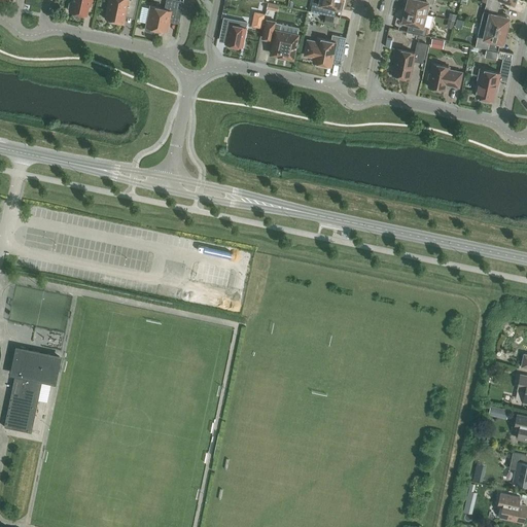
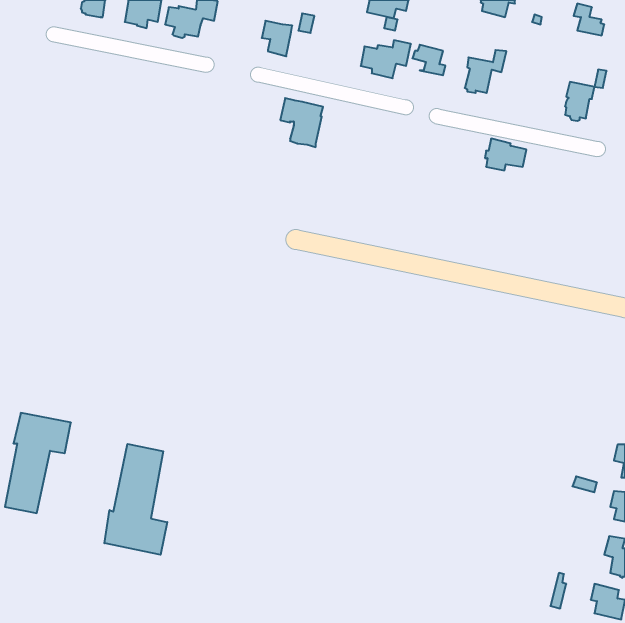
building: [399,10,427,36] -> [412,45,445,75]
building: [262,21,298,62] -> [280,98,323,147]
building: [475,25,506,49] -> none
building: [427,64,462,91] -> [485,139,526,170]
building: none -> [104,444,167,555]

